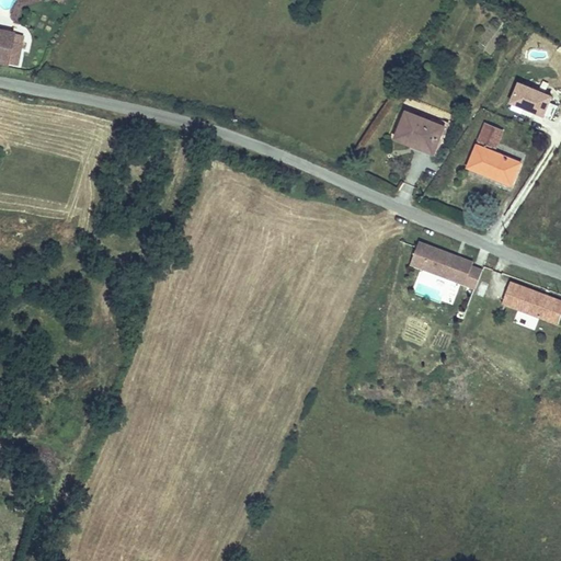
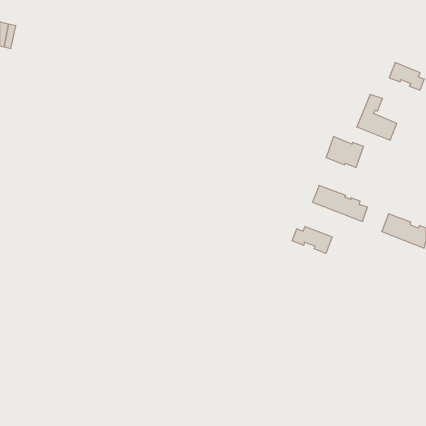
building: [396,110,445,150] -> [326,137,364,167]
building: none -> [292,226,332,253]

